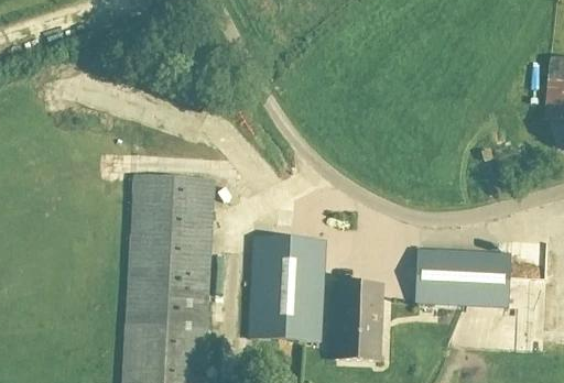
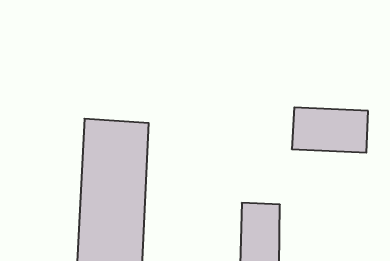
building: [250,237,325,341] -> none
building: [414,249,511,306] -> [292,107,368,153]

